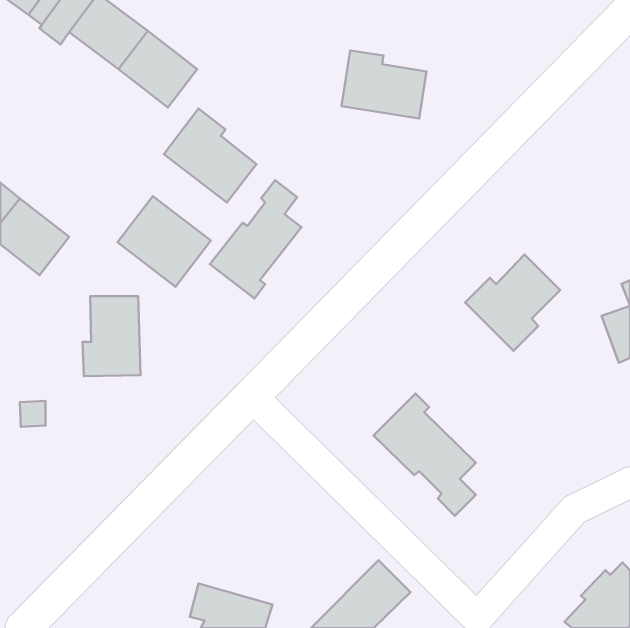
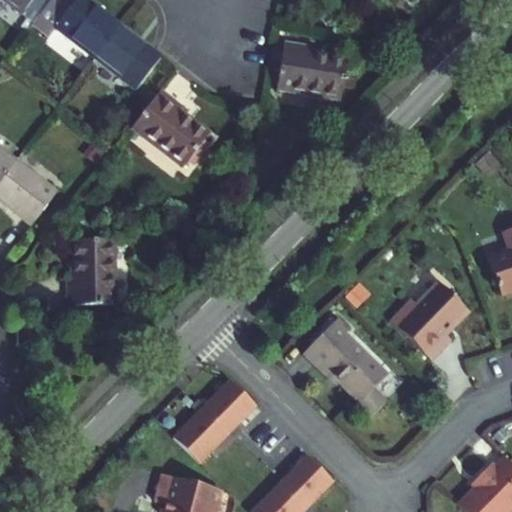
building: [210,180,302,298] -> none
building: [117,196,211,287] -> none
building: [465,254,560,351] -> [392,281,469,359]
building: none -> [173,379,256,462]

